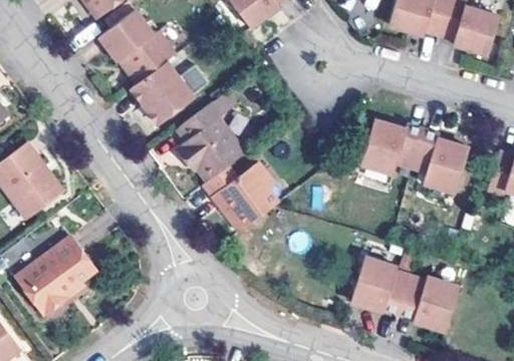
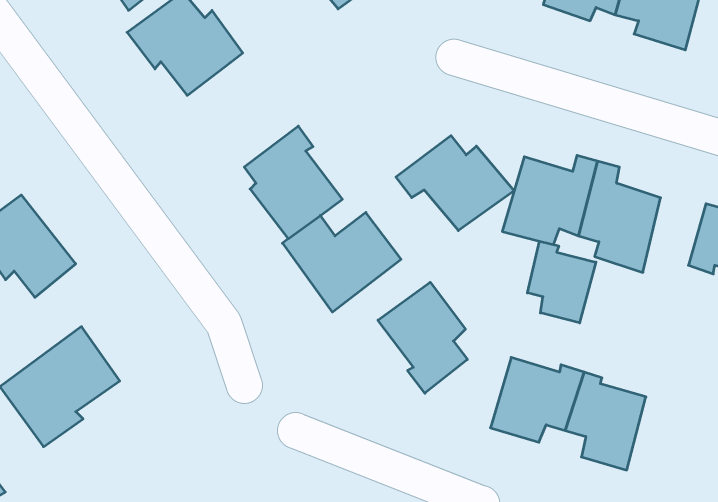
building: [135,58,200,123] -> none
building: none -> [396,136,514,231]
building: none -> [527,241,596,323]
building: none -> [378,282,467,393]

